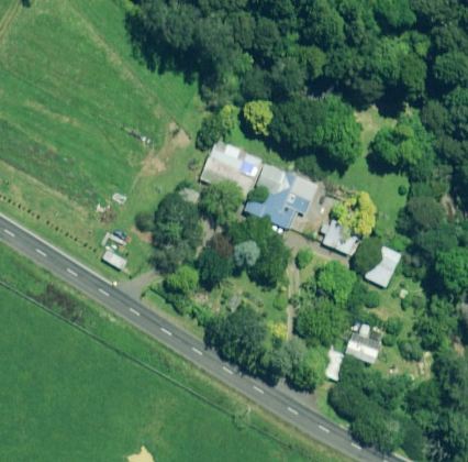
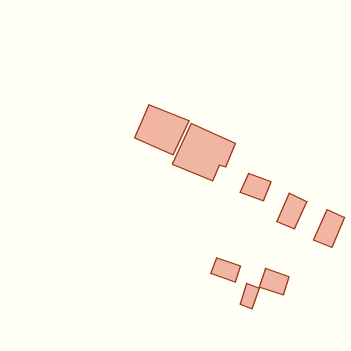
building: none -> [314,210,345,247]
building: none -> [211,258,241,282]

